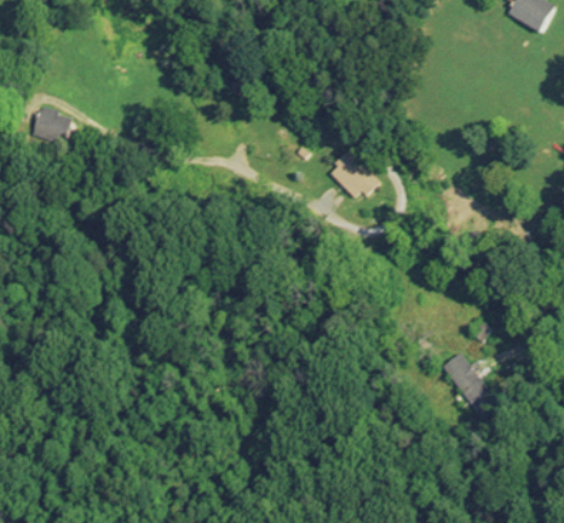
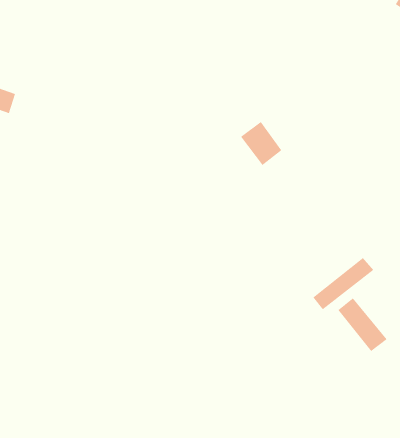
building: none -> [312,257,374,310]

